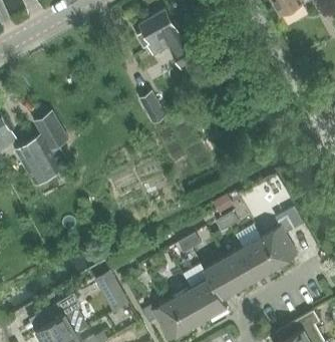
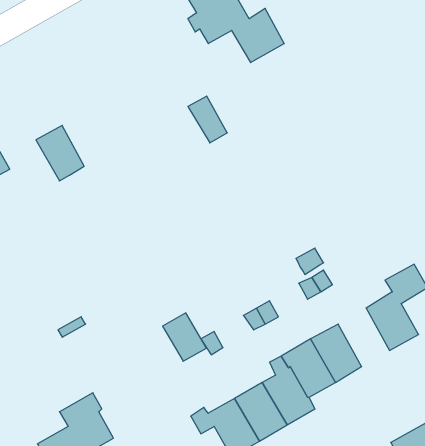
building: [15,135,62,187] -> none
building: [243,238,278,278] -> none
building: [99,279,129,312] -> [163,313,206,361]

